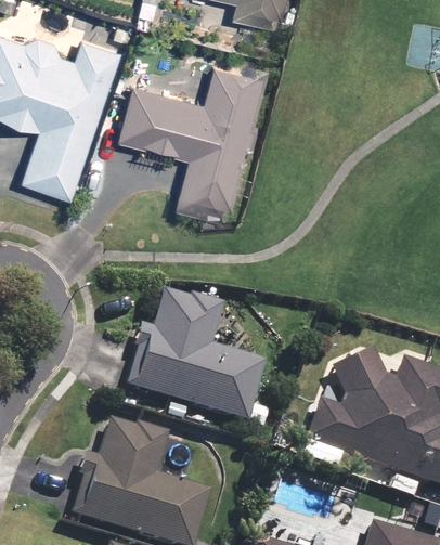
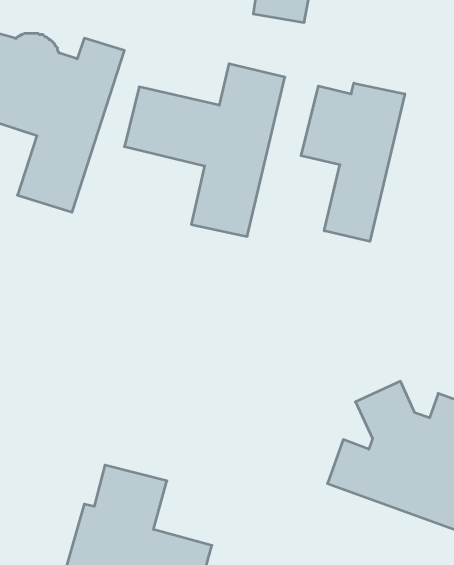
building: none -> [301,83,405,241]
building: [126,289,266,427] -> none

